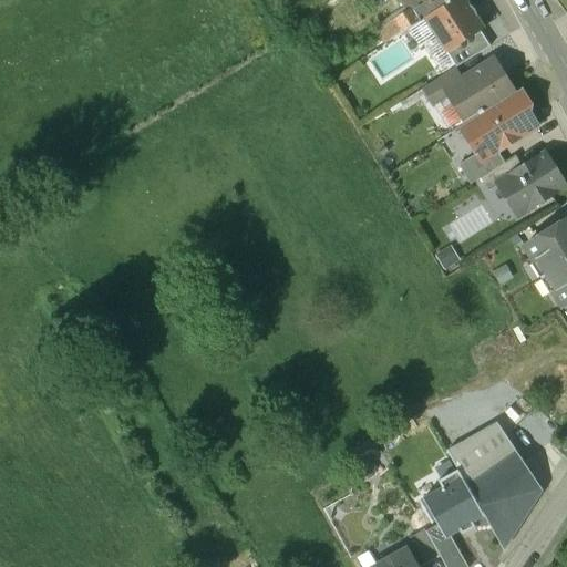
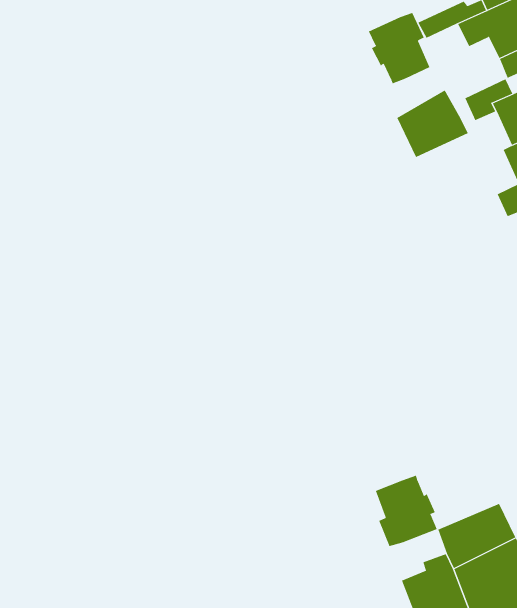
building: none -> [368,12,430,84]
building: none -> [396,90,469,158]
building: none -> [375,475,437,547]

